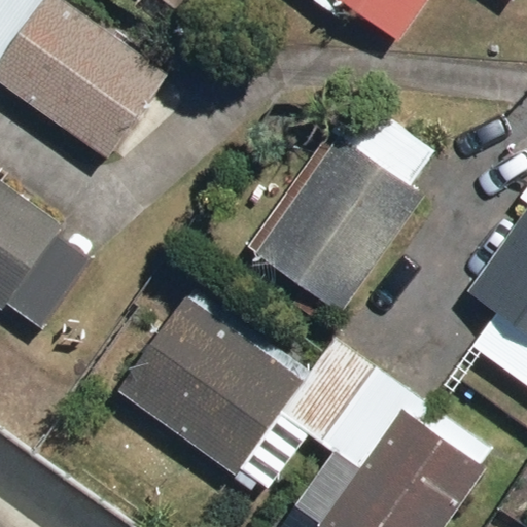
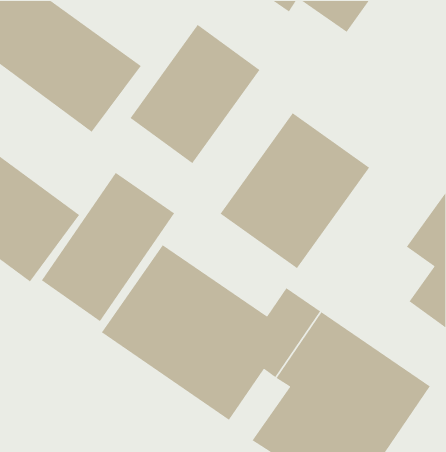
building: none -> [129,24,260,164]
building: none -> [41,172,175,322]

